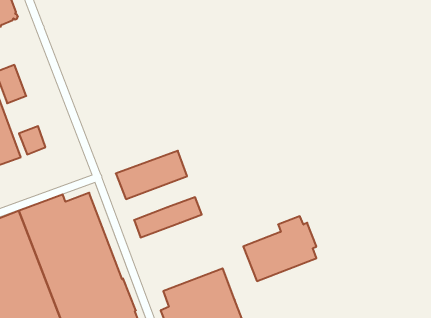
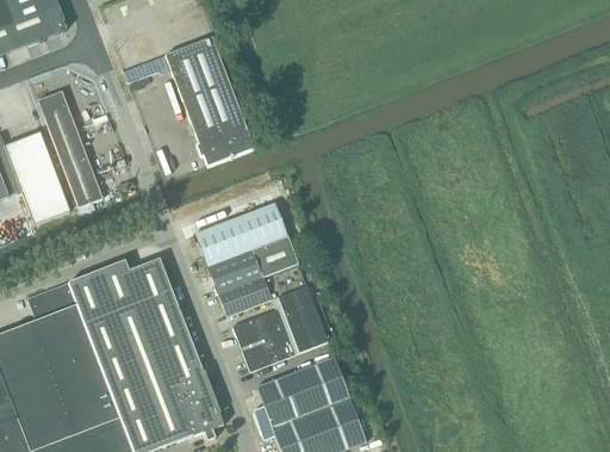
building: none -> [123,37,254,166]
building: none -> [52,131,93,180]
building: none -> [207,236,298,293]
building: [243,216,316,281] -> [232,286,328,371]

